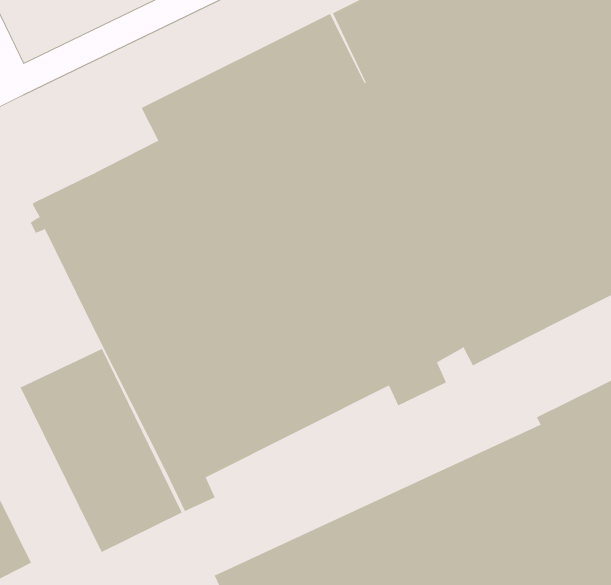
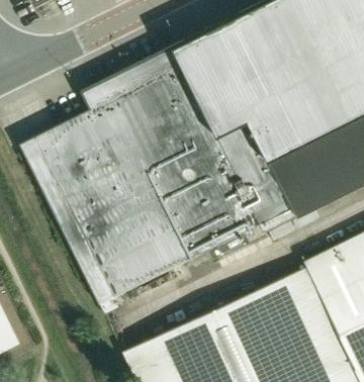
building: [20,348,183,553] -> none

